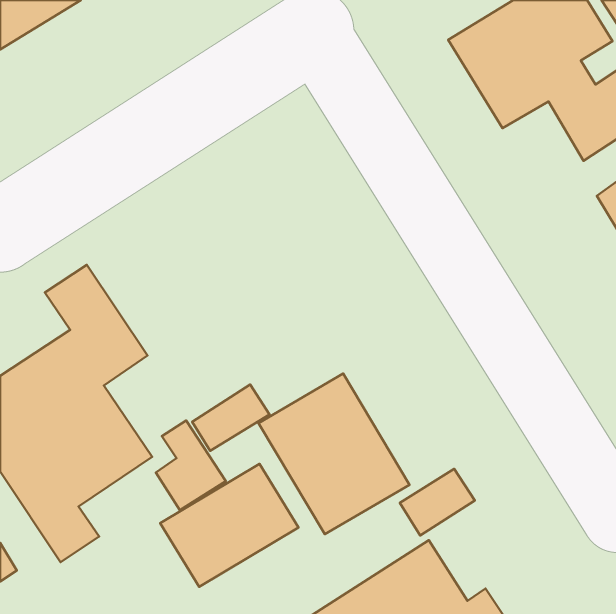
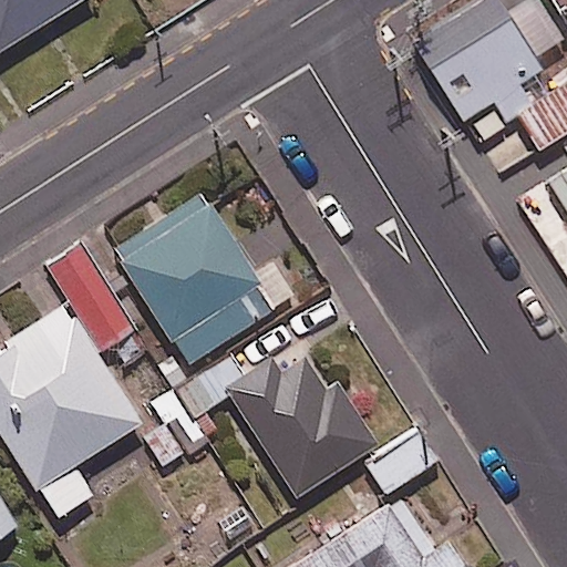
building: none -> [113,195,293,365]
building: [160,464,298,587] -> none

